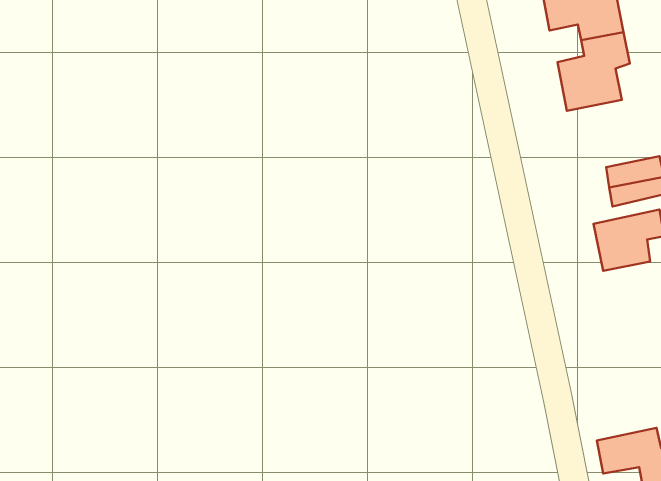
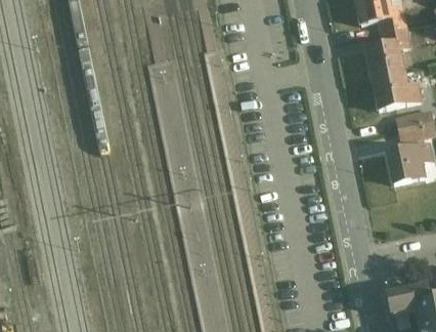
building: none -> [370,71,424,111]

